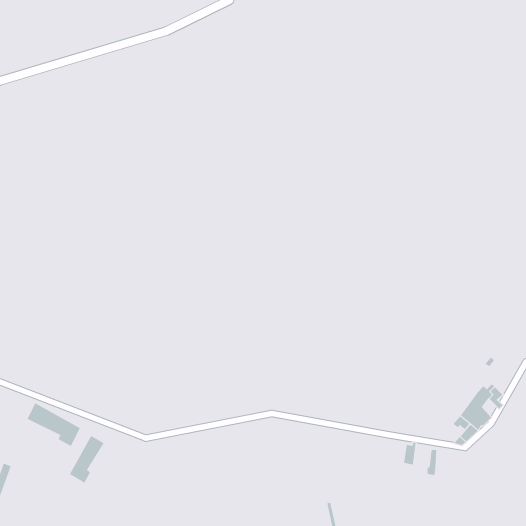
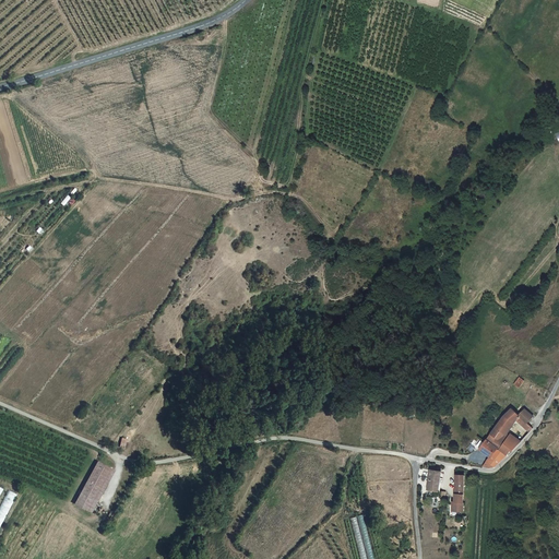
building: [27,403,81,447] -> none

